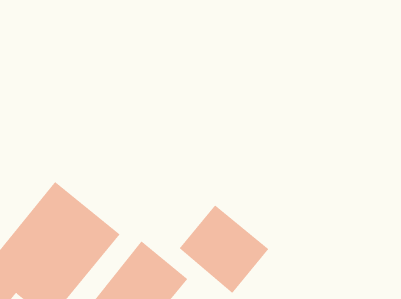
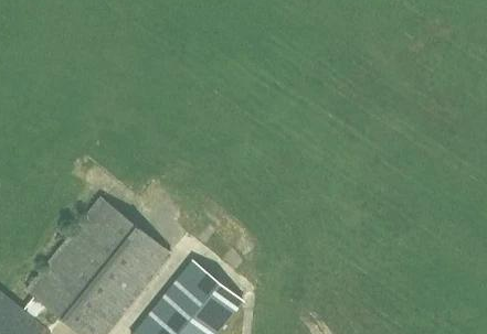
building: [179,204,269,294] -> none

